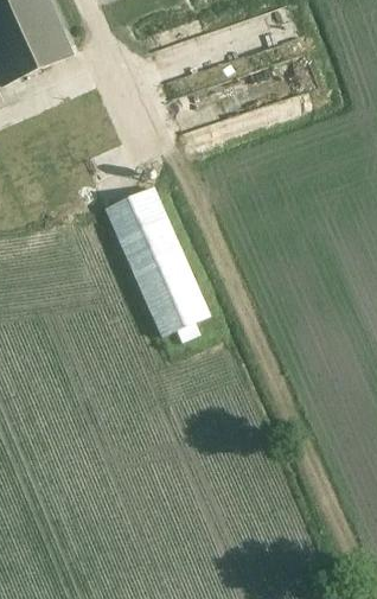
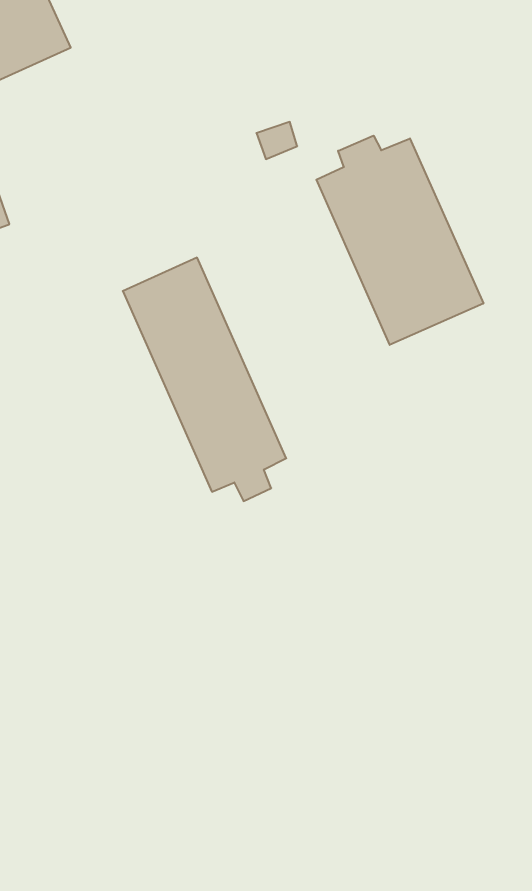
building: none -> [316,136,483,345]

